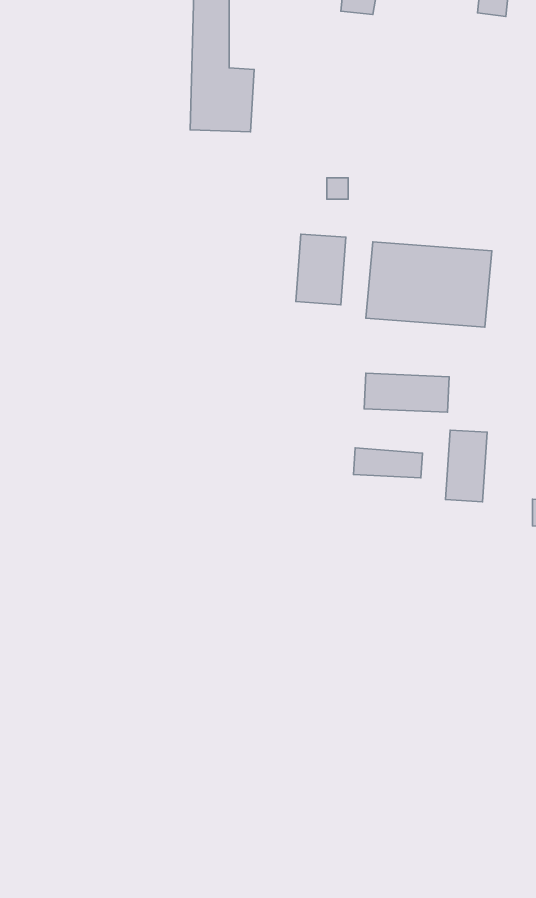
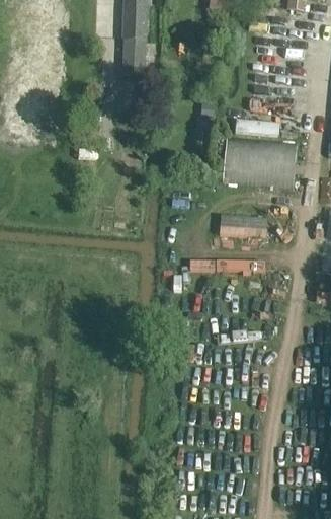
building: [296,234,346,305] -> none
building: [446,430,487,502] -> none

